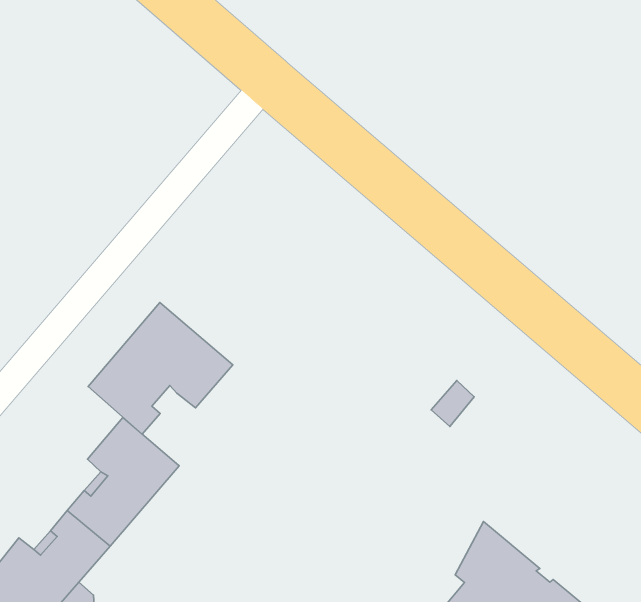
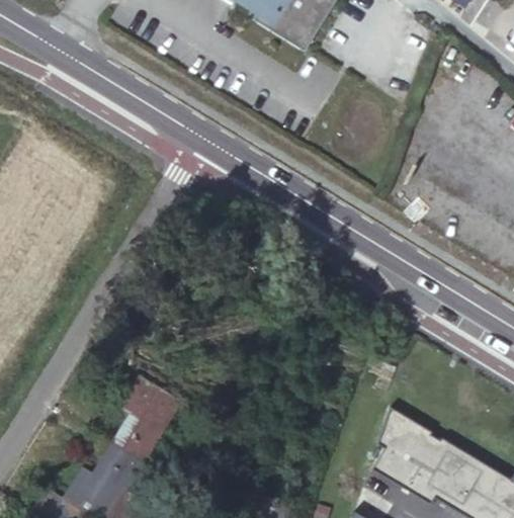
building: [88,302,233,434] -> none

